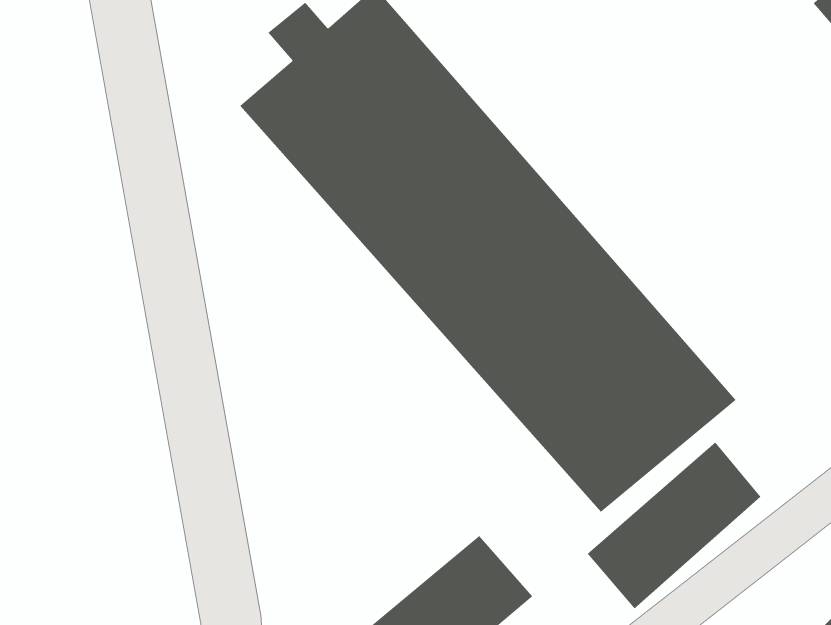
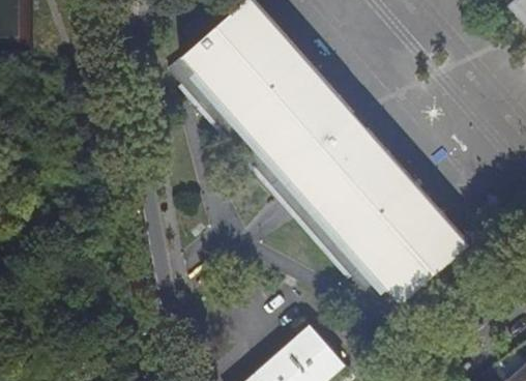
building: [587,442,761,609] -> none

